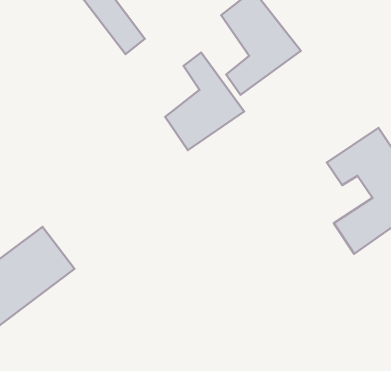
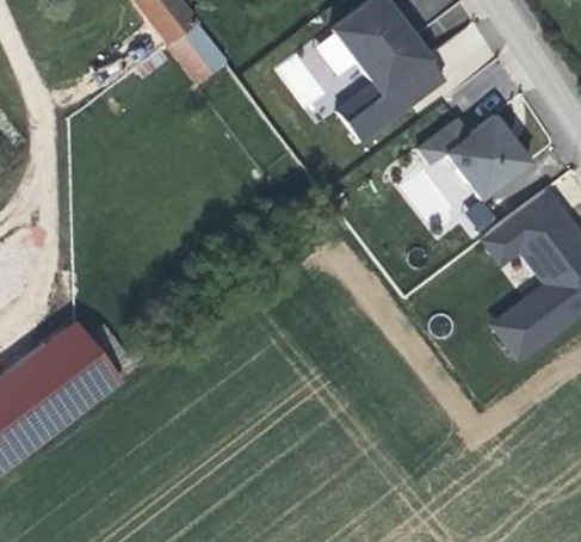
building: [165,53,244,150] -> none
building: none -> [416,109,532,199]

